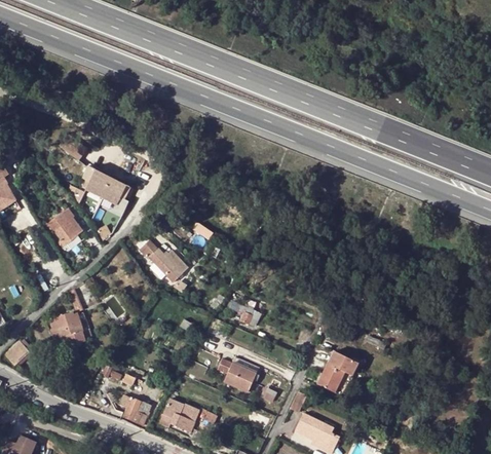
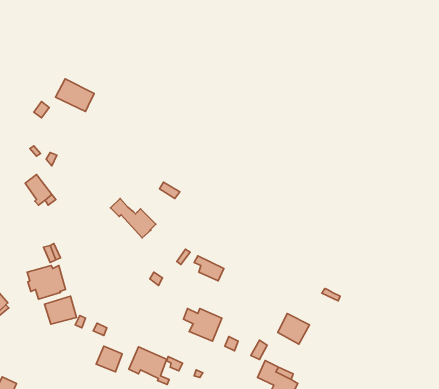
building: [83,171,124,205] -> [56,79,94,112]
building: none -> [44,296,76,324]
building: [328,350,357,375] -> none

